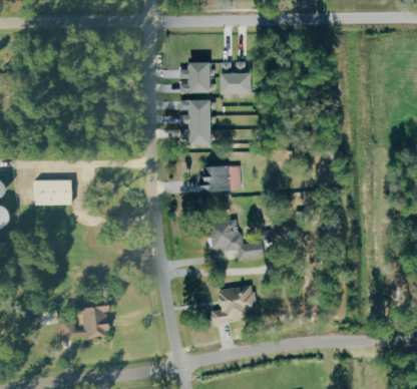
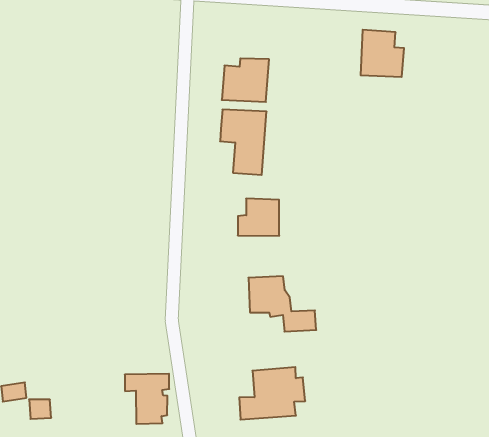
building: [224,62,255,95] -> [361,30,404,77]
building: [34,178,70,205] -> none
building: [74,300,107,338] -> [125,374,169,424]

